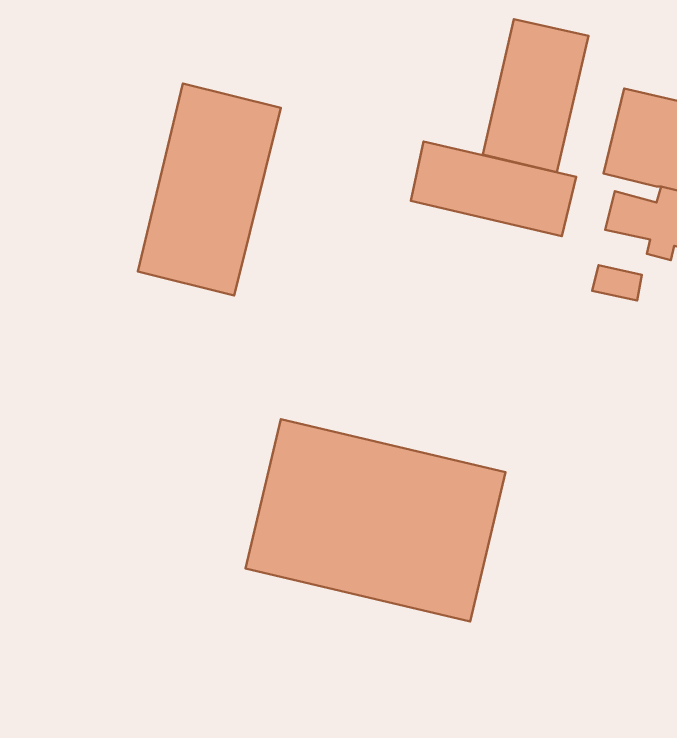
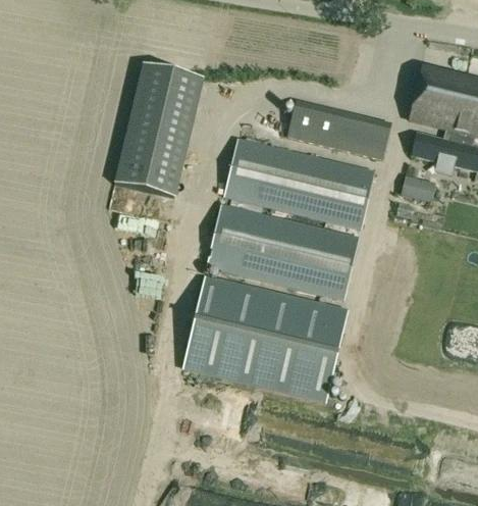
building: [483,19,588,172] -> none
building: none -> [224,139,375,227]
building: none -> [207,203,360,299]

